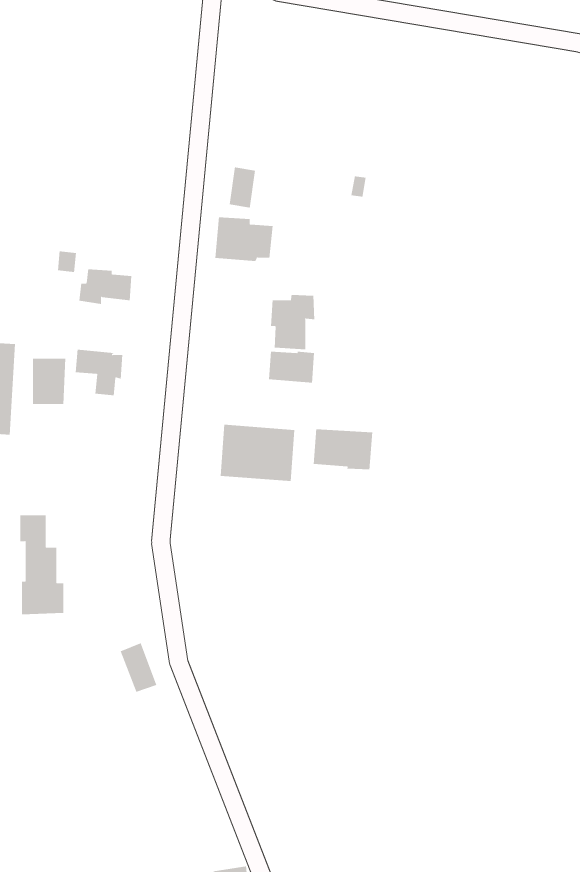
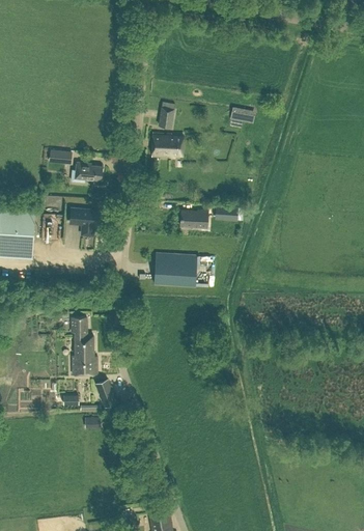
building: [271,294,315,350] -> none
building: [313,428,373,470] -> none
building: [20,515,64,615] -> [72,317,97,375]

